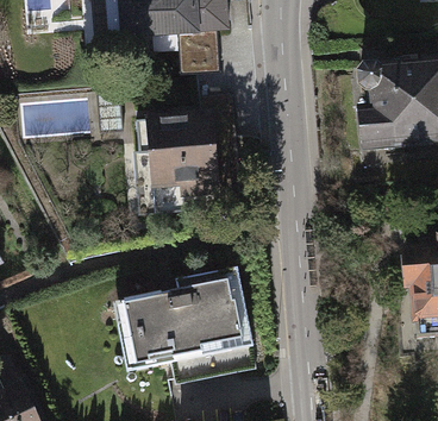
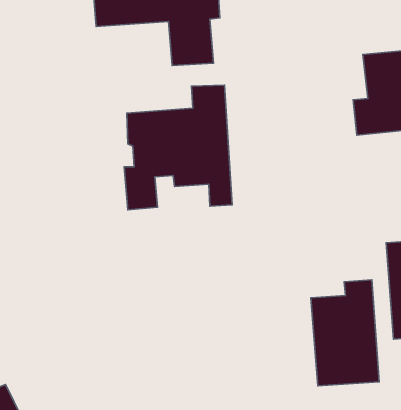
building: [132,263,255,373] -> none
building: none -> [311,280,379,386]

